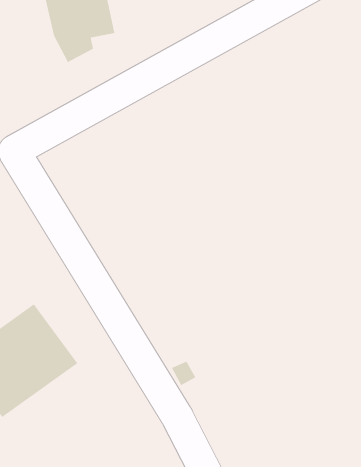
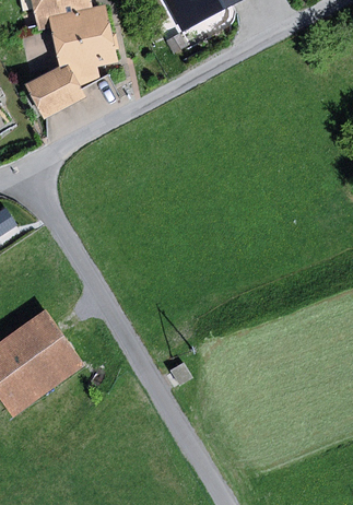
building: none -> [25,63,80,117]

